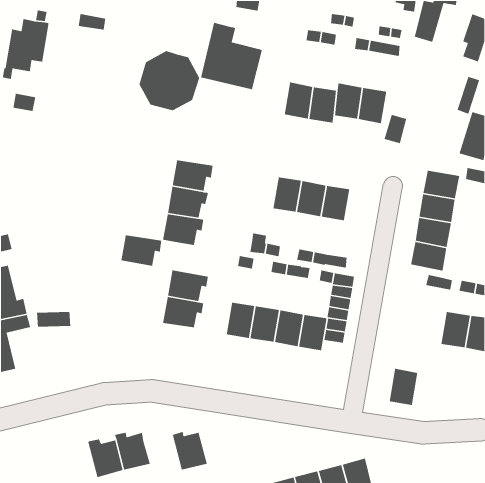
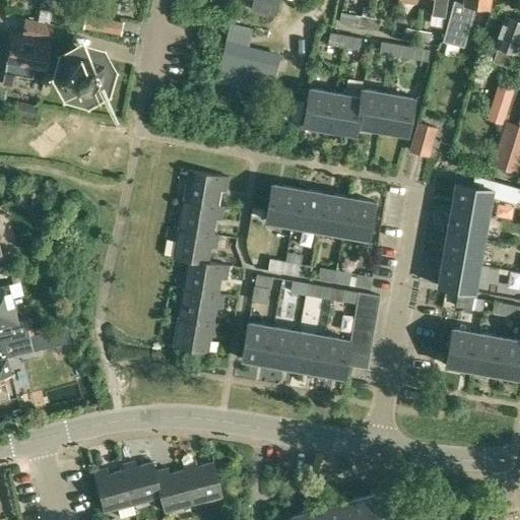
building: [139,50,200,111] -> [51,40,117,105]
building: none -> [266,186,298,225]
building: [121,234,162,268] -> [184,262,229,298]
building: [389,368,418,406] -> [446,330,477,371]
building: none -> [154,467,194,513]

